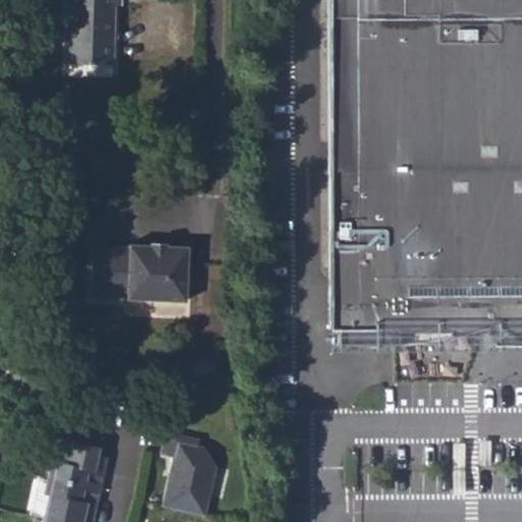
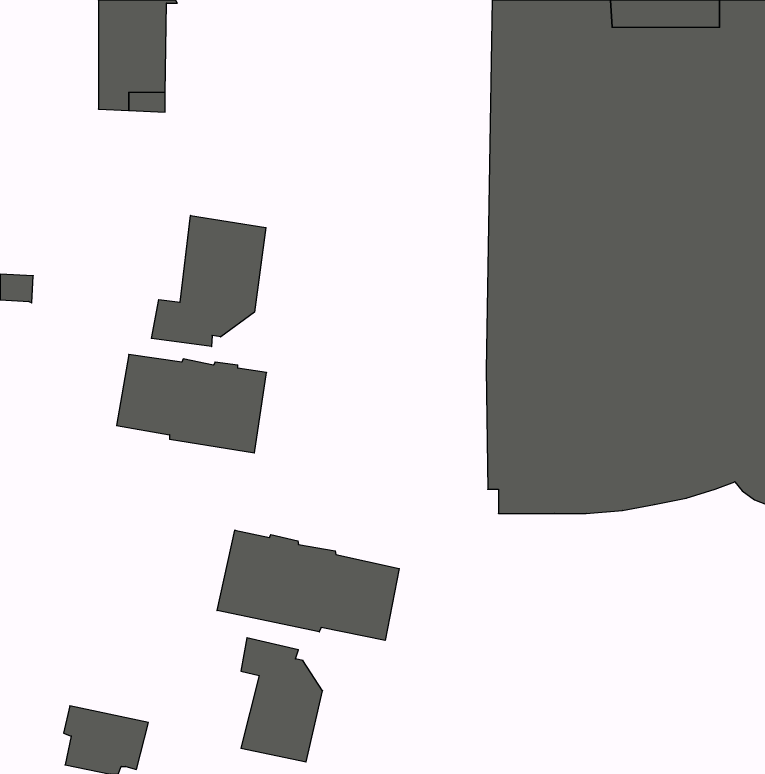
building: none -> [151,215,266,347]
building: none -> [217,530,399,640]
building: [53,435,112,486] -> none

